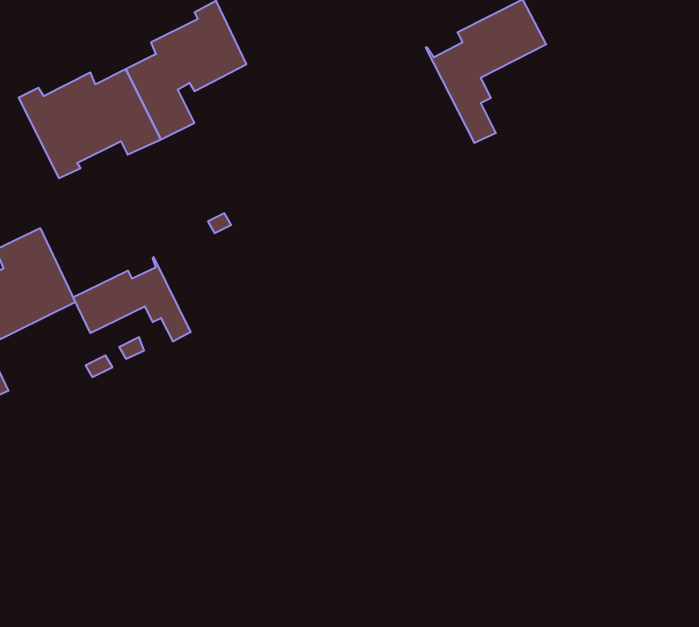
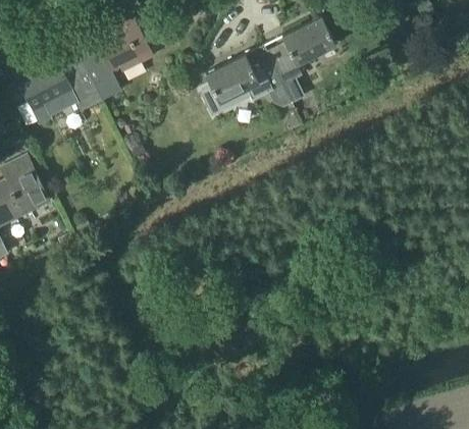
building: none -> [200,45,293,119]
building: [73,257,191,342] -> none

